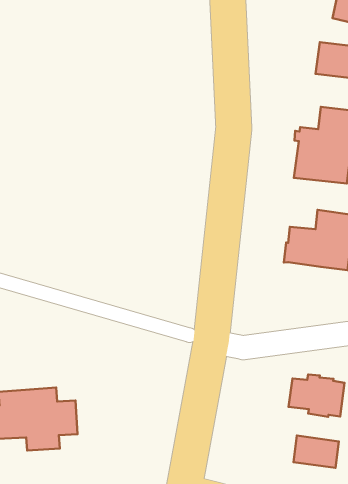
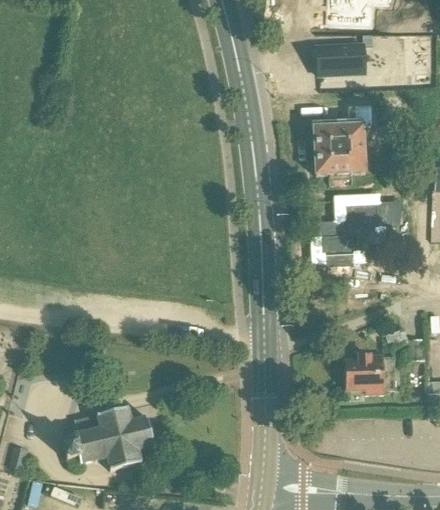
building: [294,436,339,468] -> none

